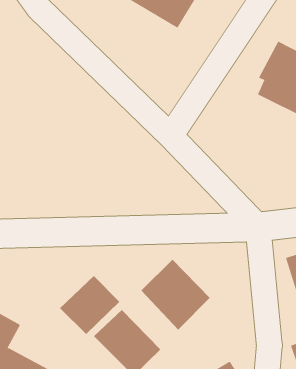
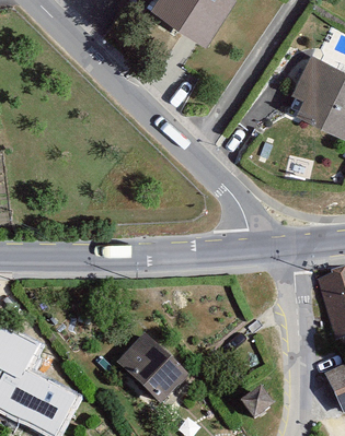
building: [141,259,211,330] -> none
building: [59,275,120,335] -> none

